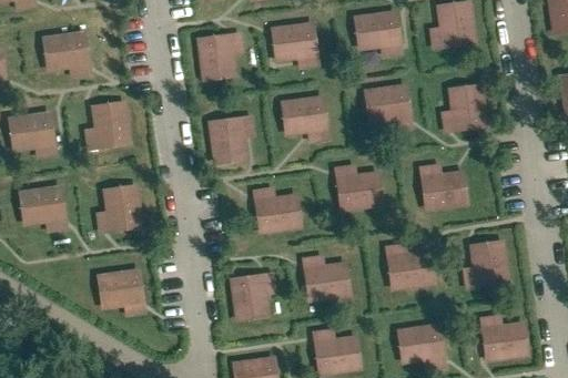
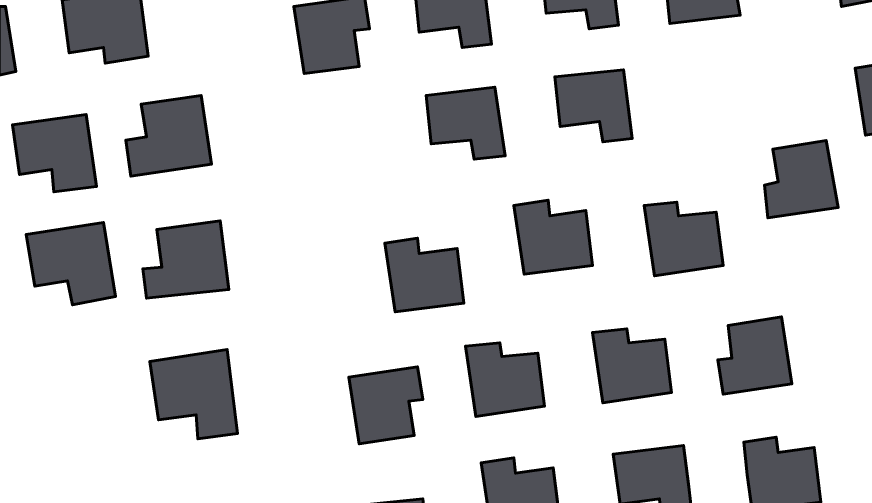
building: [442,83,489,133] -> [764,141,838,218]
building: [203,118,252,167] -> none

